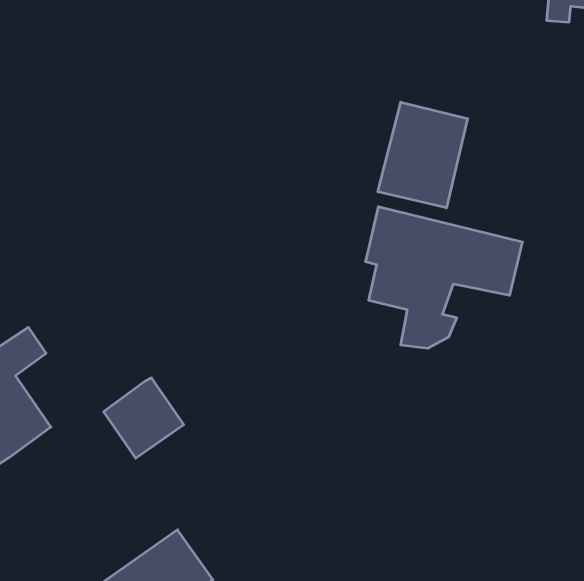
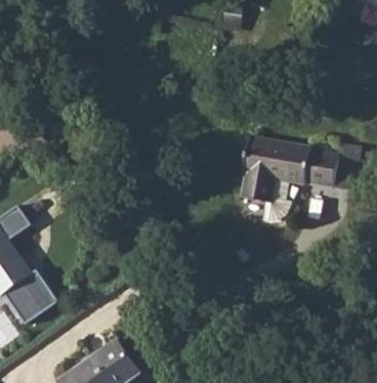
building: [378,102,468,208] -> none
building: [104,378,184,458] -> [8,270,59,322]

